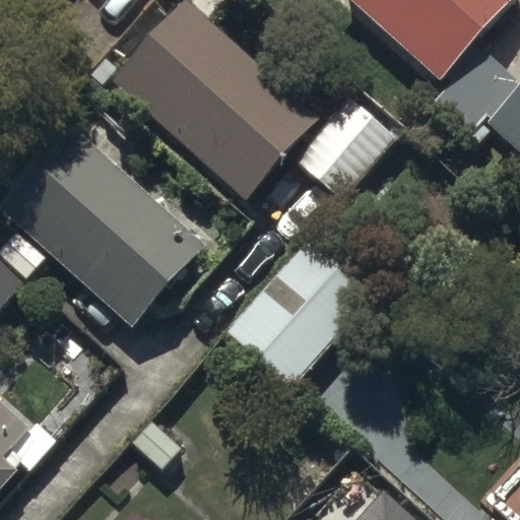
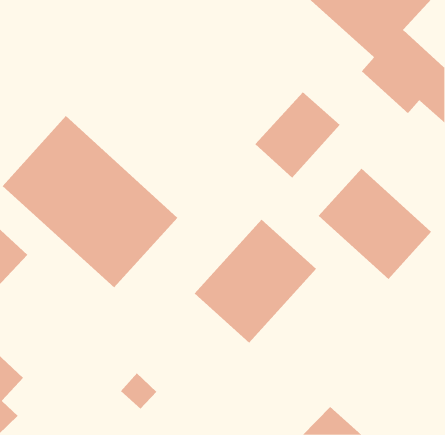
building: [115,7,317,204] -> none
building: none -> [318,168,432,280]

